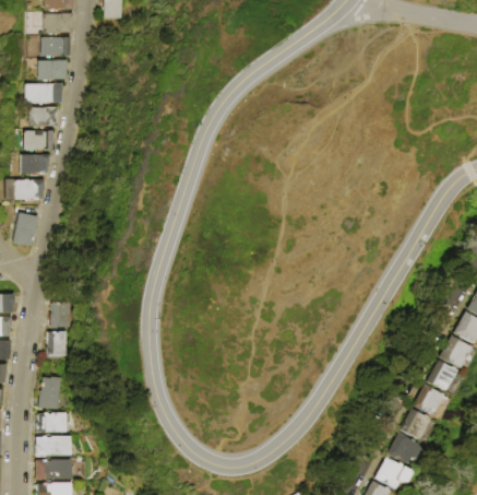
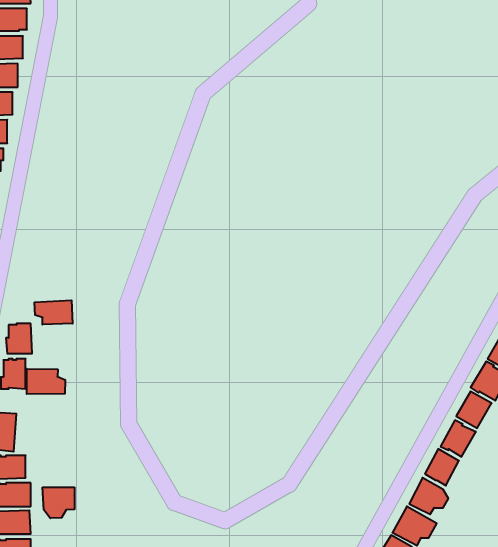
building: none -> [35,300,73,325]
building: none -> [27,369,65,394]
building: none -> [43,487,74,518]

